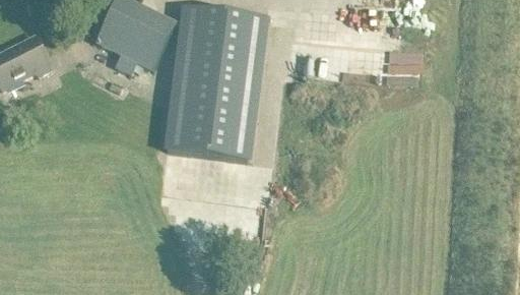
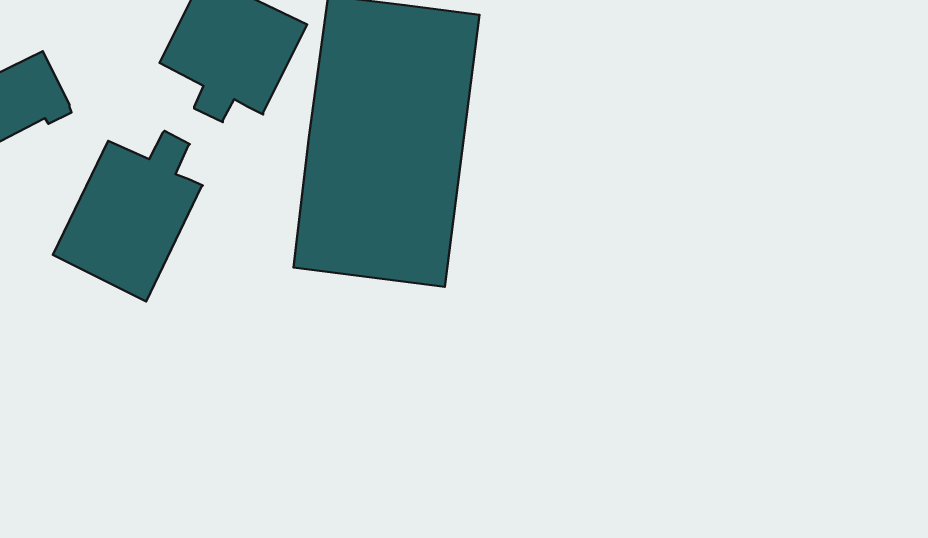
building: none -> [53,131,203,302]

